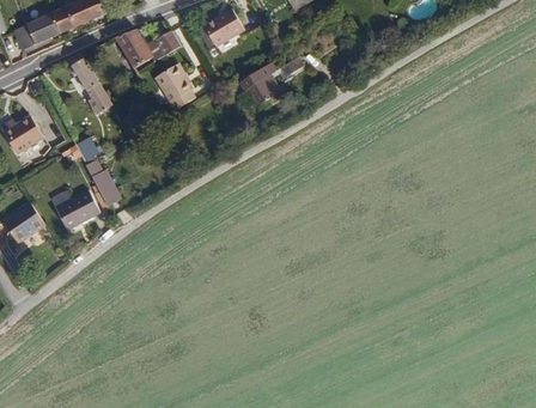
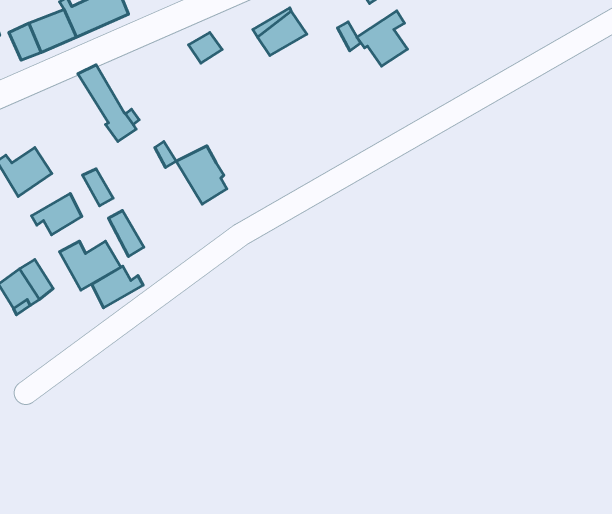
building: [114,28,151,66] -> none
building: [242,61,281,104] -> [357,11,408,66]
building: [153,67,193,112] -> [176,146,227,204]
building: none -> [31,193,82,235]
building: none -> [92,266,143,308]

